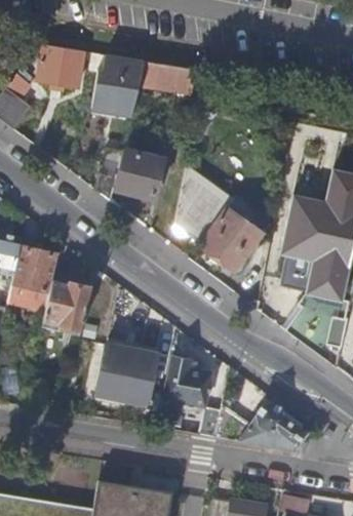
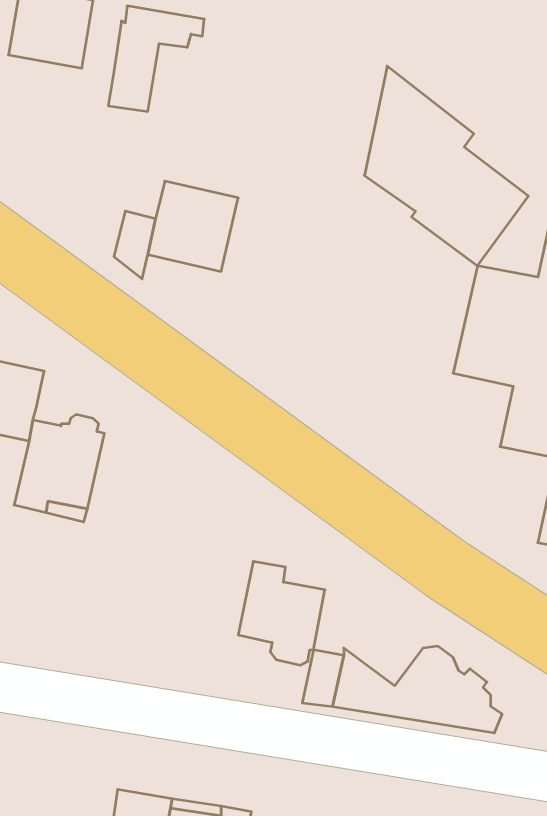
building: [141,62,196,93] -> none
building: [174,164,264,273] -> [364,66,528,266]
building: [97,346,154,404] -> none

